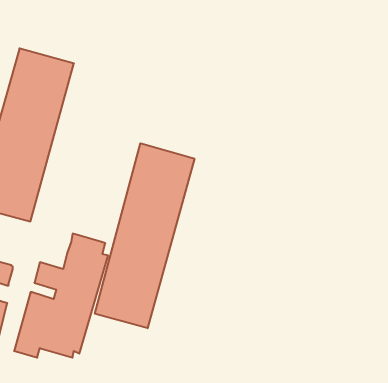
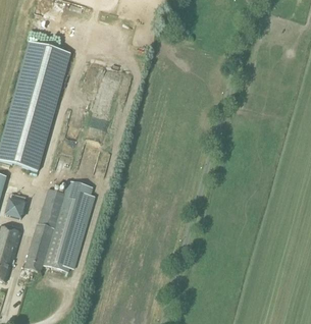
building: [95,143,194,328] -> none

